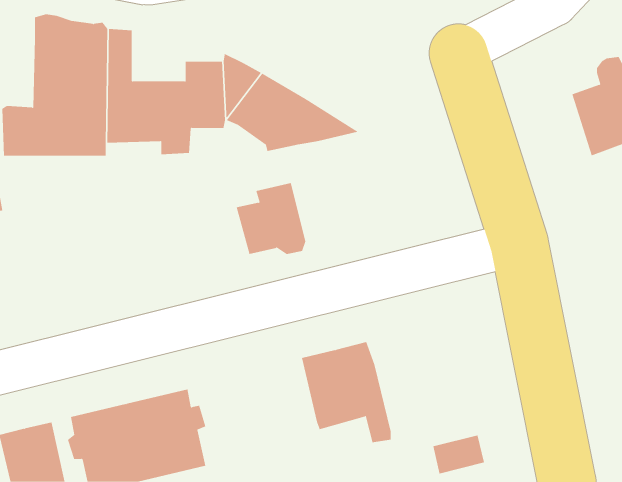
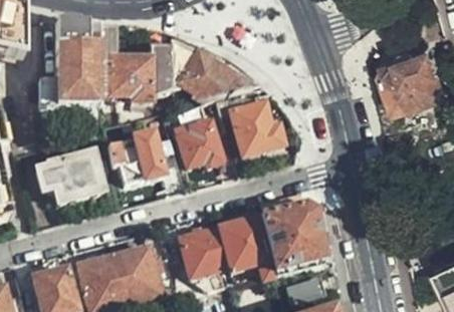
building: none -> [228,91,283,155]
building: none -> [107,133,162,184]
building: none -> [46,143,103,201]
building: none -> [258,208,322,275]
building: none -> [181,230,227,277]

